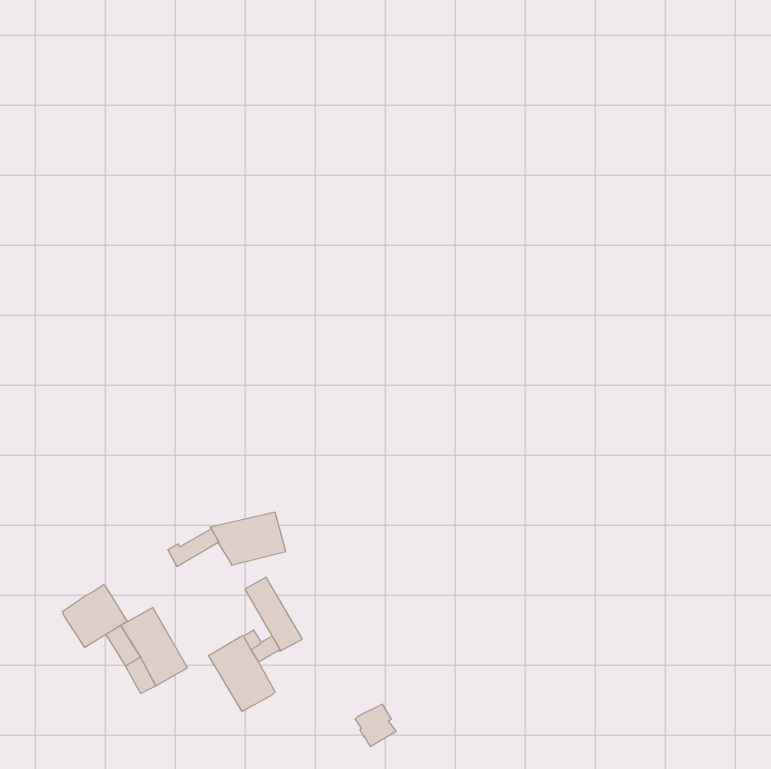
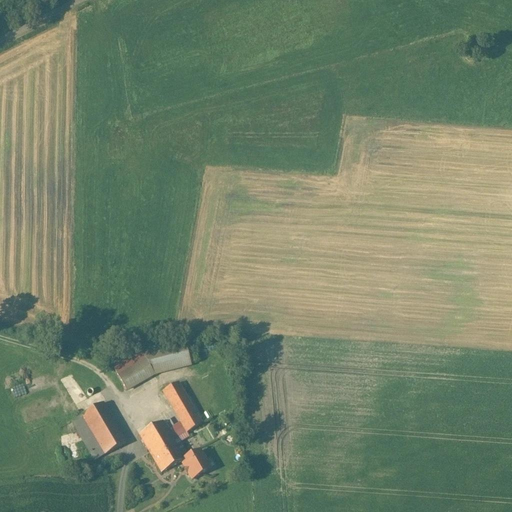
building: none -> [117,359,153,389]
building: [62,585,127,648] -> none
building: [355,704,396,746] -> [180,450,207,478]

